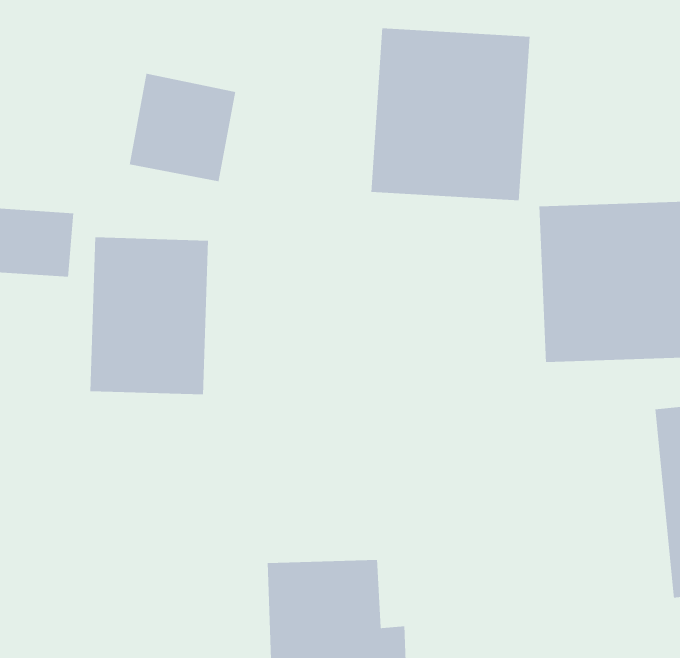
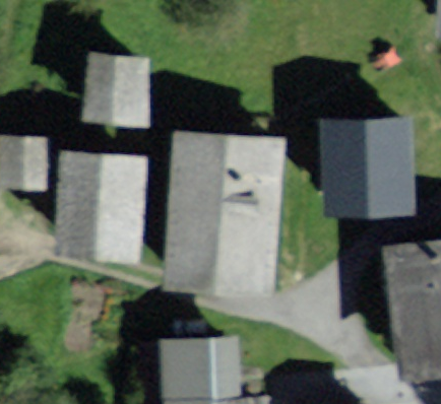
building: [371,28,530,201] -> none
building: none -> [169,132,267,276]

